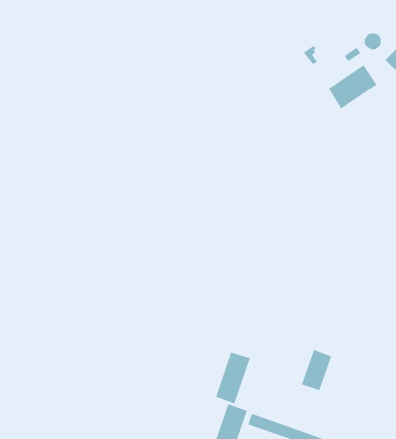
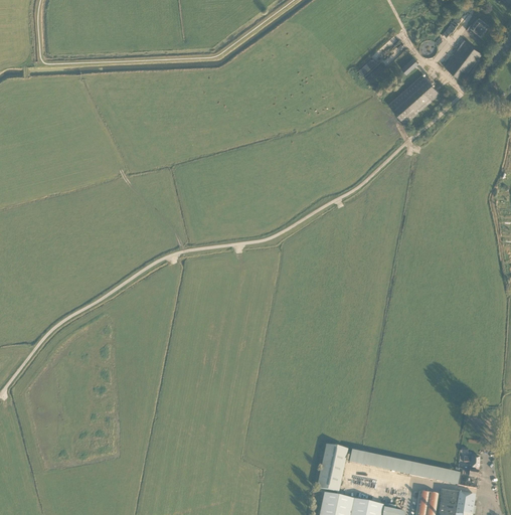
building: [301,349,332,391] -> none
building: [215,352,251,404] -> none

